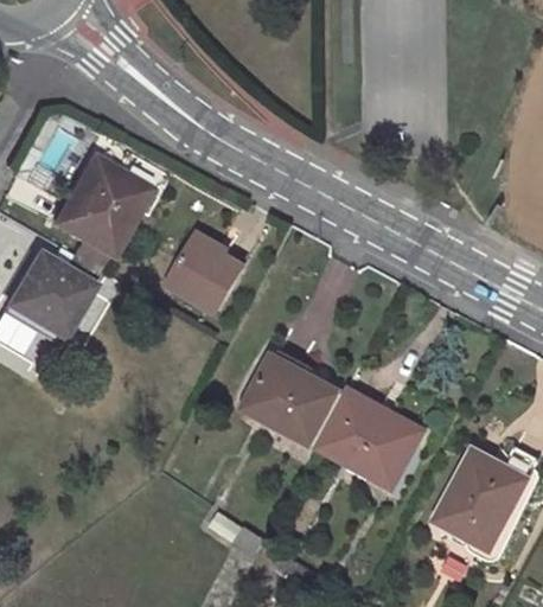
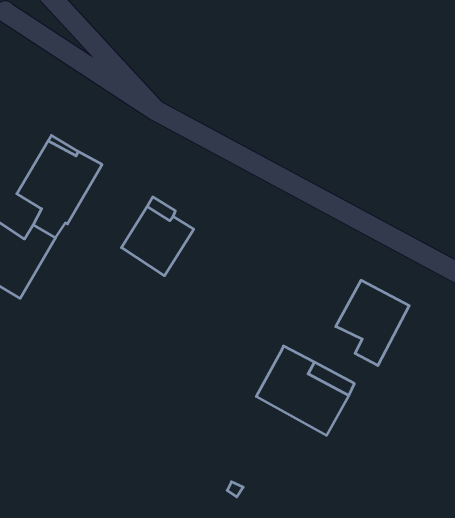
building: none -> [336,280,409,366]
building: [244,356,344,446] -> none
building: [435,452,528,551] -> none

